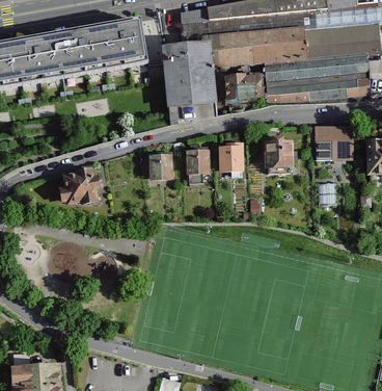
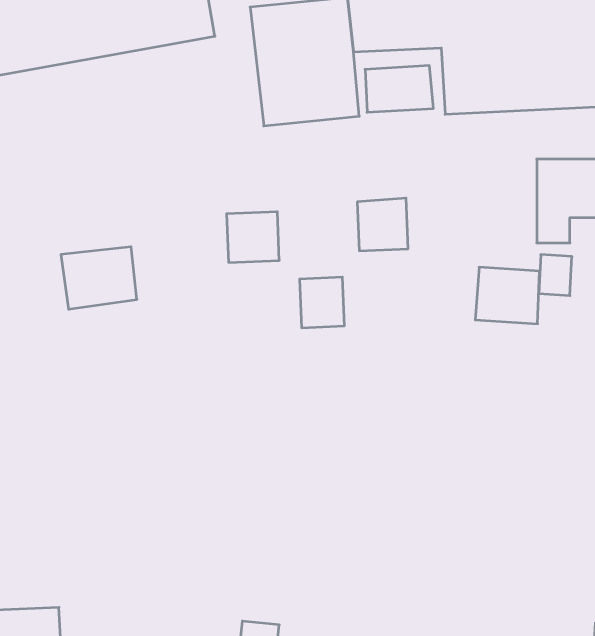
building: [265,140,299,171] -> [475,267,540,324]
building: [188,150,212,177] -> [300,277,344,328]

